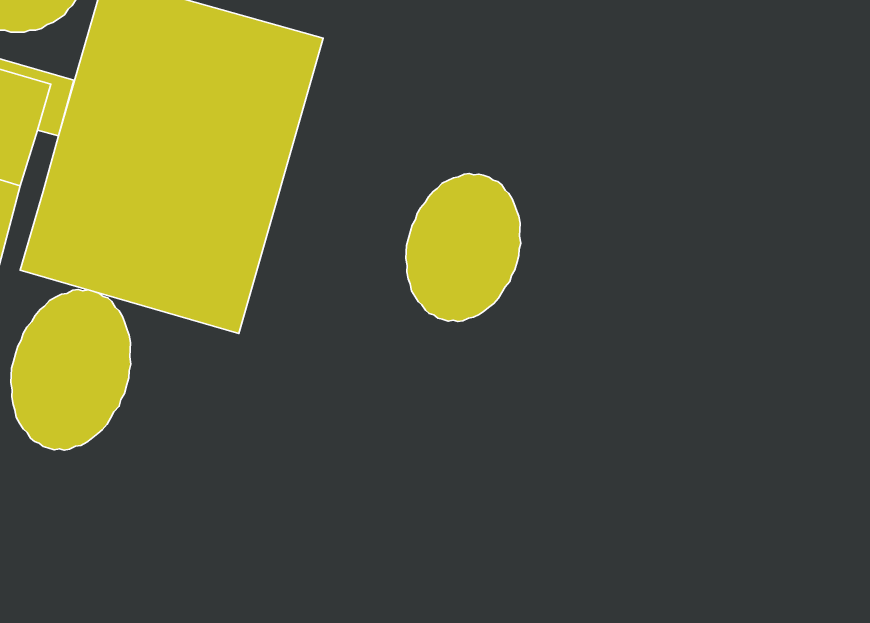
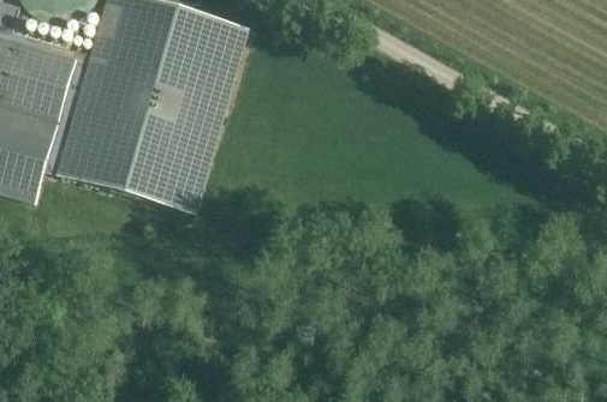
building: [406,173,521,322] -> none
building: [11,289,131,450] -> none

